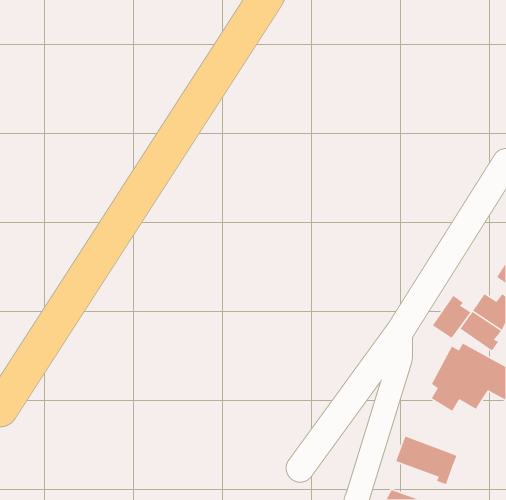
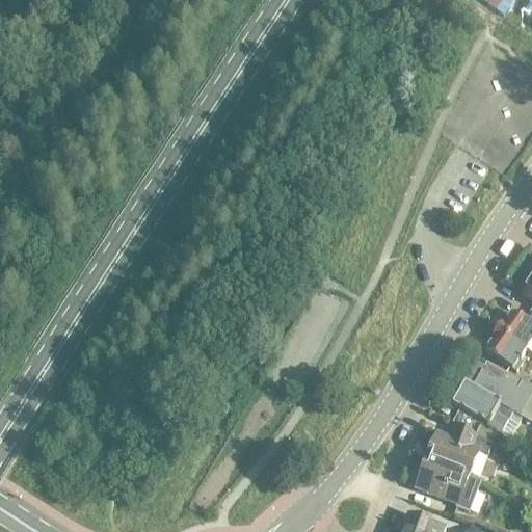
building: [432,295,471,339] -> none
building: none -> [425,419,491,474]

